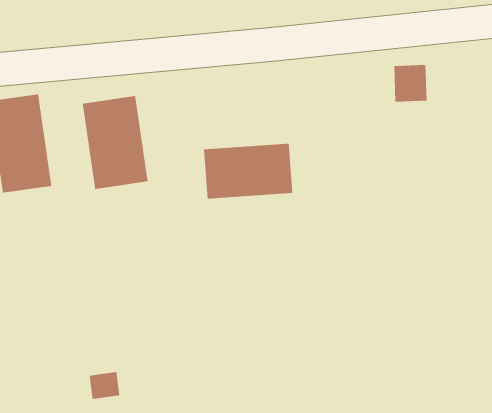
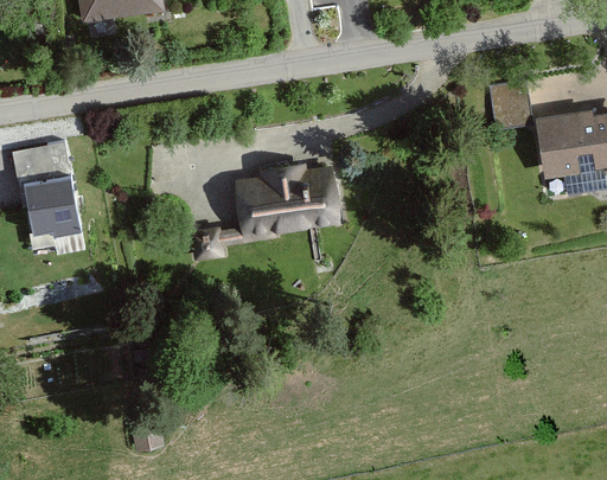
building: [393,65,427,102] -> [491,88,529,129]
building: [82,95,148,190] -> none

